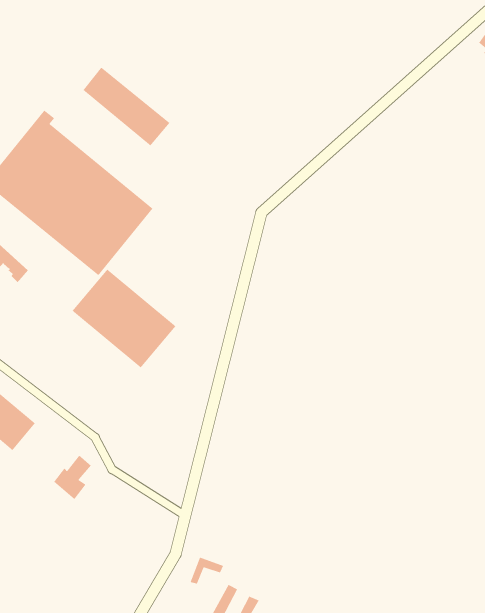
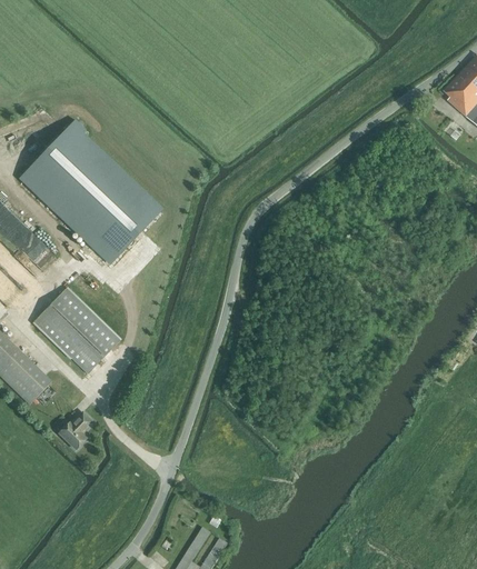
building: [82,67,170,147] -> none
building: [72,269,176,369] -> [33,288,120,373]

